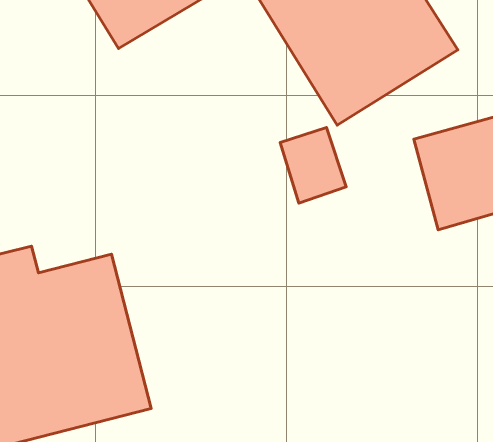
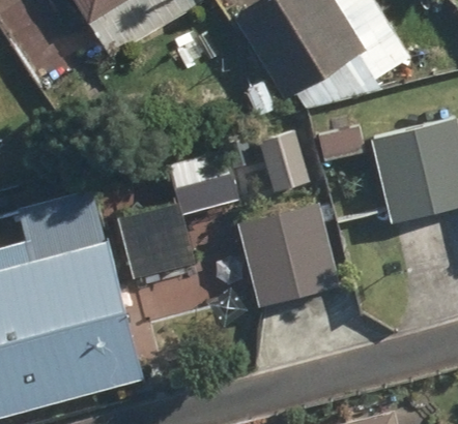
building: none -> [231,198,340,307]

